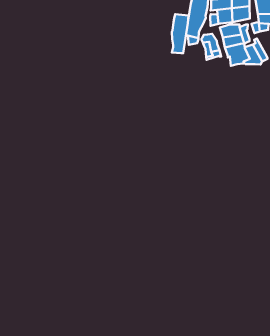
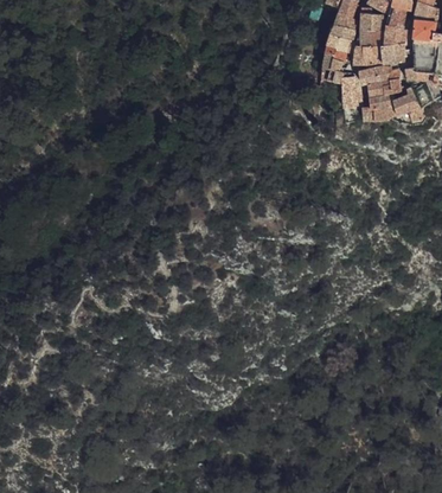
building: [172,14,188,53] -> none

